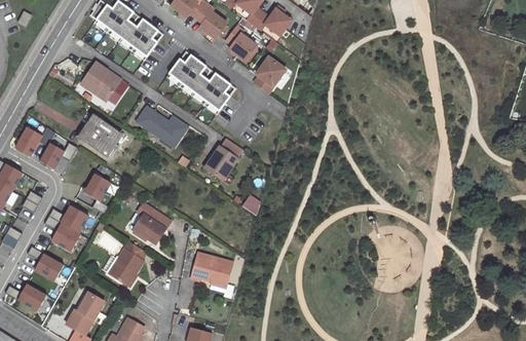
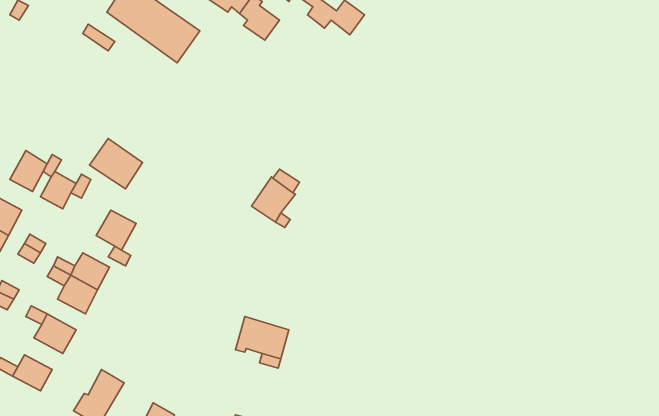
building: [223,27,254,62] -> none
building: [168,49,235,109] -> none
building: [253,56,285,93] -> none
building: [79,62,119,100] -> none
building: [135,106,186,146] -> none
building: [132,203,170,244] -> none
building: [107,241,146,287] -> none

